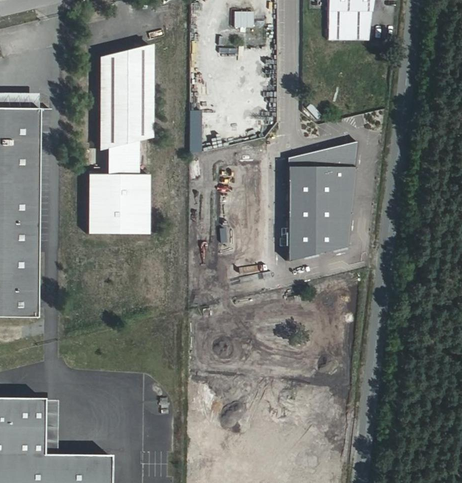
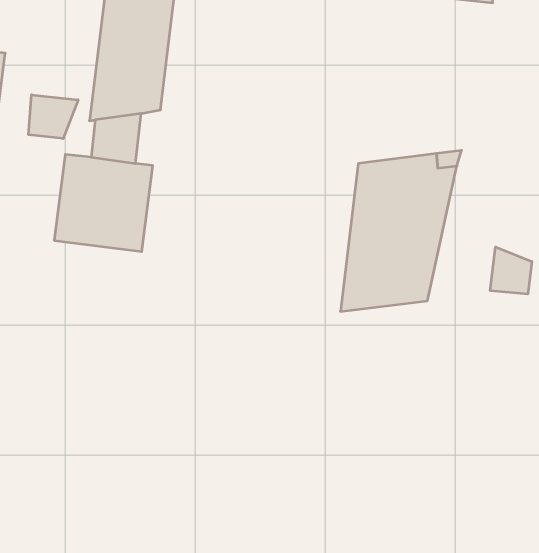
building: none -> [29,95,78,139]
building: none -> [490,247,532,294]

